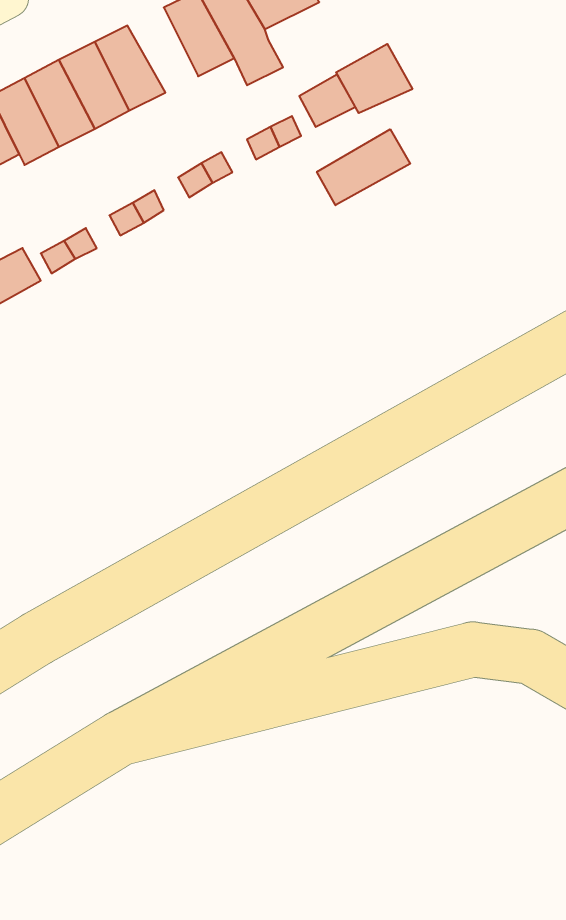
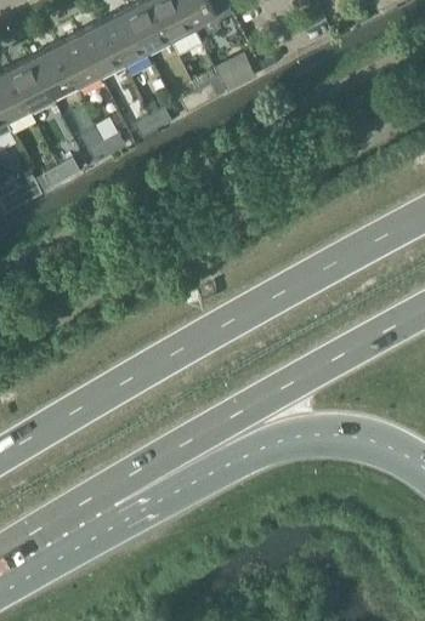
building: none -> [104,7,152,64]
building: [336,44,412,113] -> none
building: [317,129,410,205] -> none

